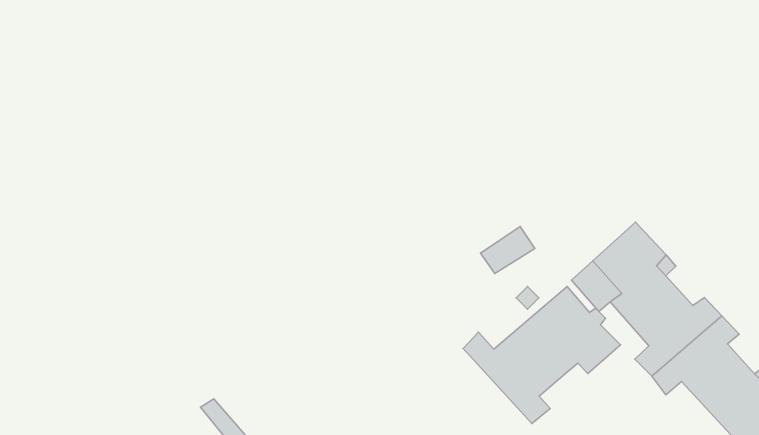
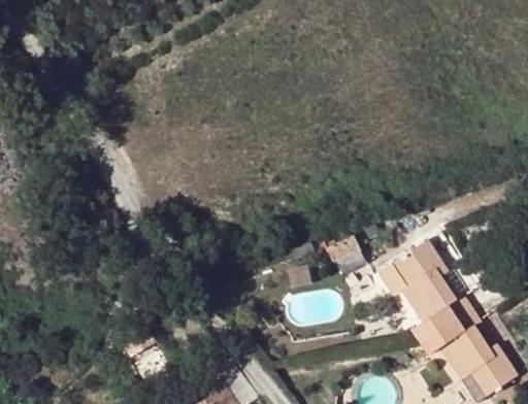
building: [463,287,621,424] -> none

